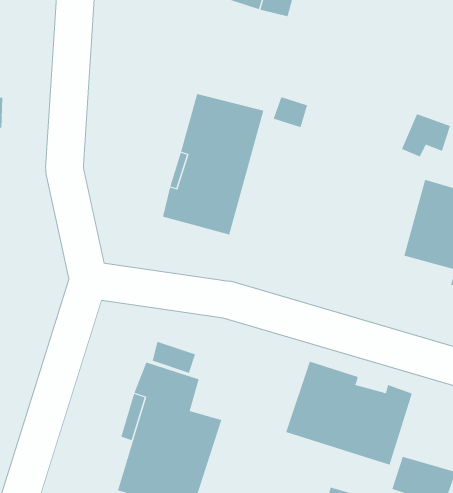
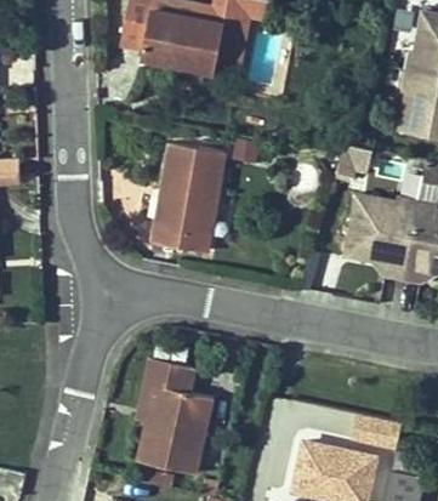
building: [285,361,413,465] -> none

